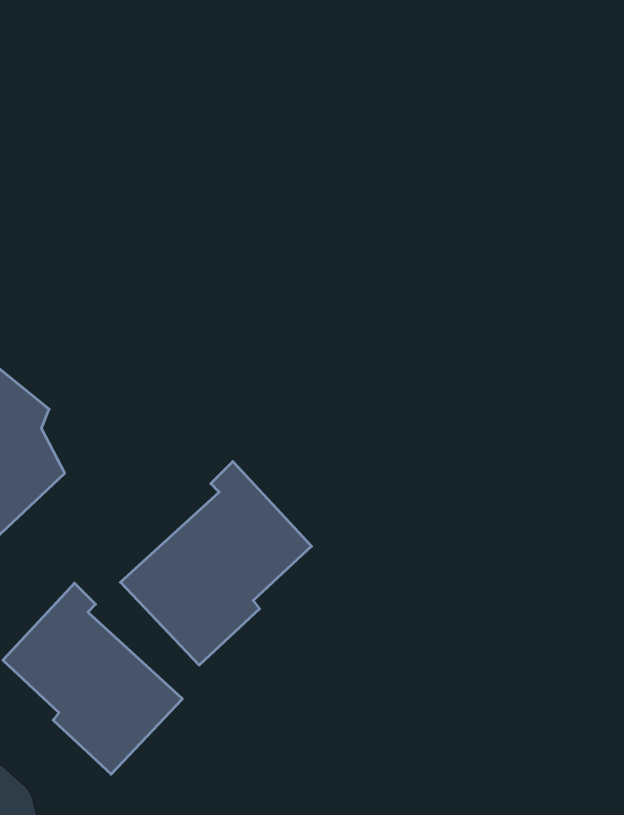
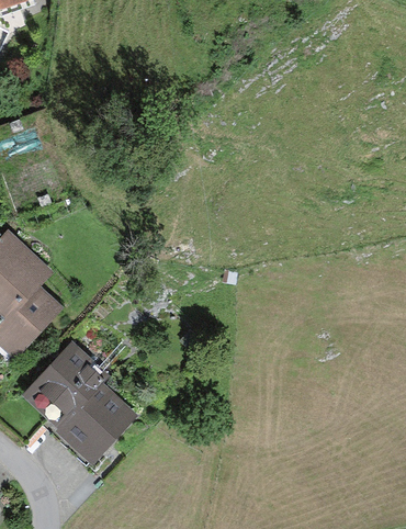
building: [120,461,312,665] -> none

